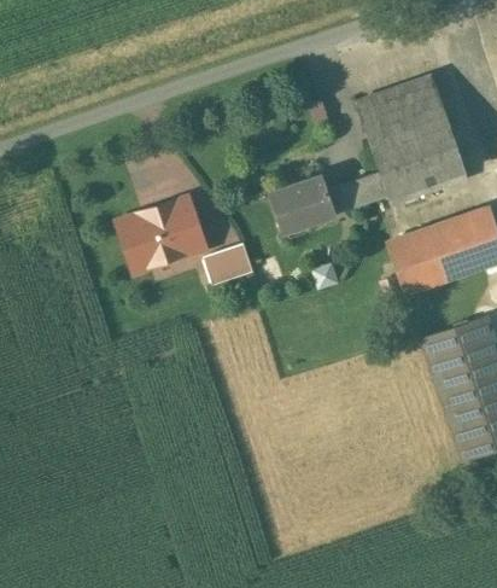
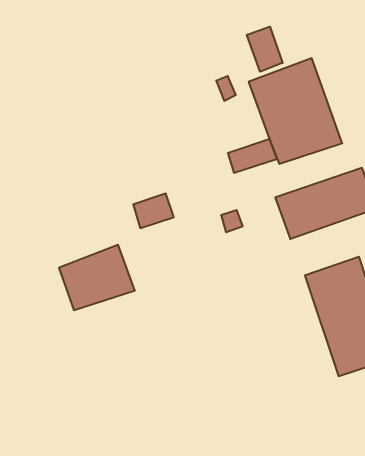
building: none -> [247,27,283,72]
building: [270,176,335,231] -> none
building: [116,194,209,274] -> [59,245,135,310]

